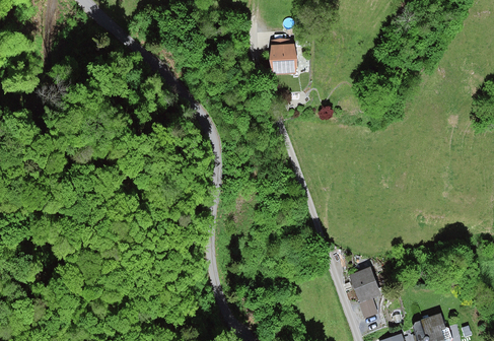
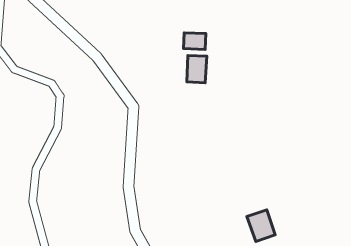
building: none -> [187,55,207,83]

